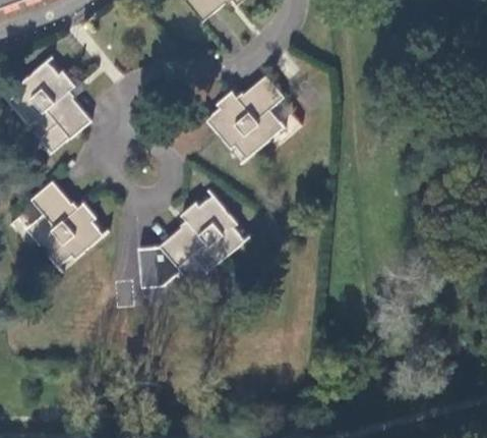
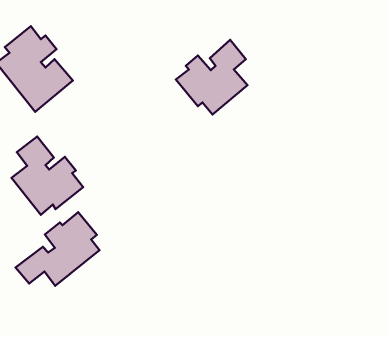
building: [137,191,244,286] -> none
building: none -> [16,212,100,286]

